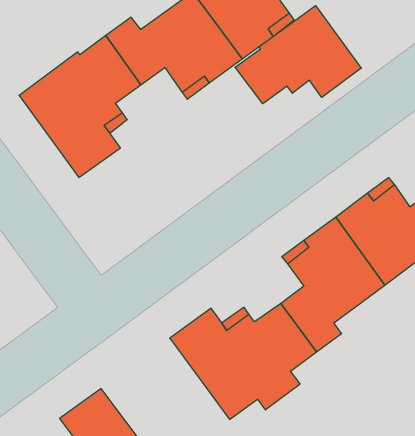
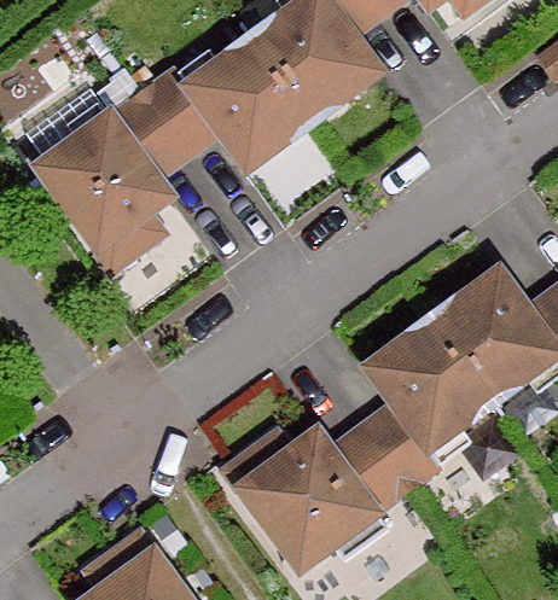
building: [235,6,361,104] -> none

